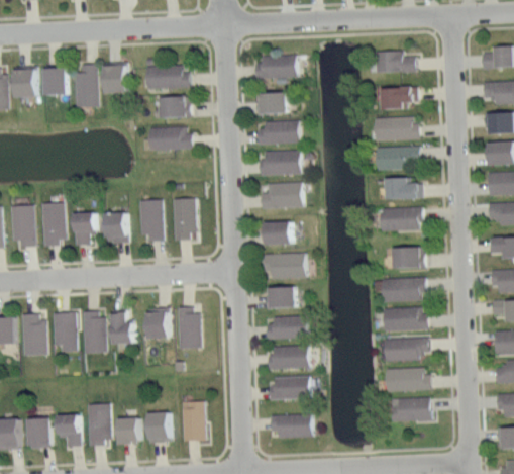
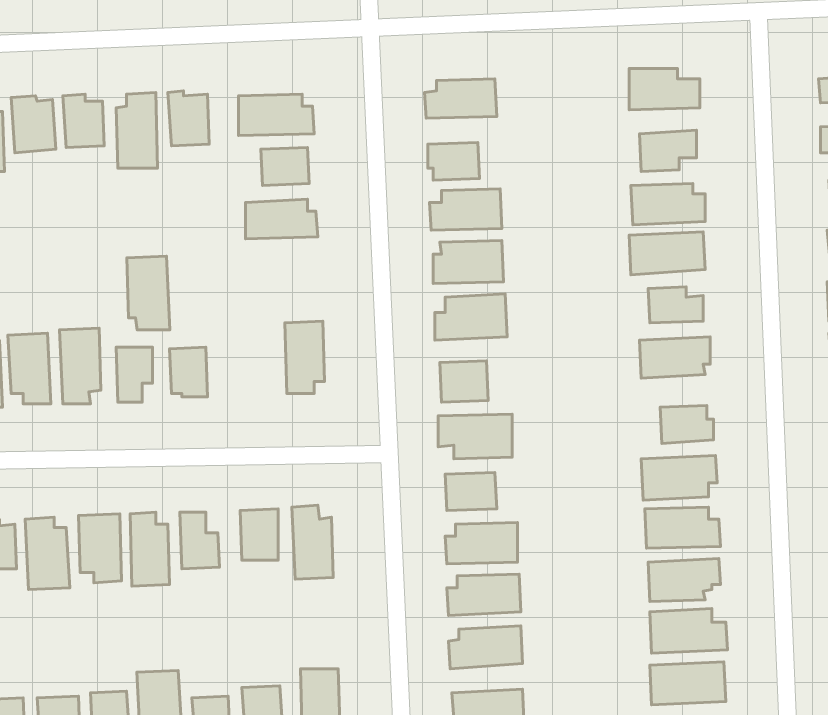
building: [137,198,163,242] -> [127,256,170,330]

